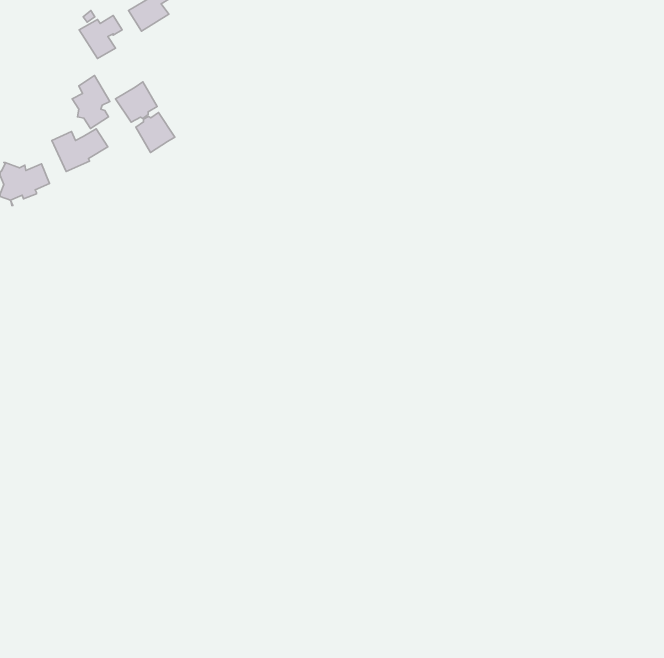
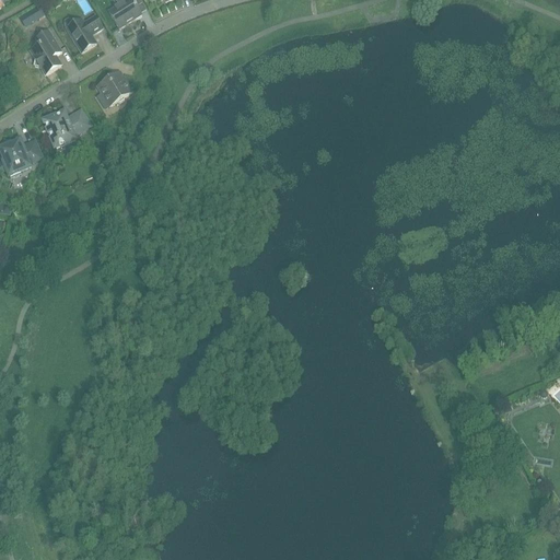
building: [72,75,110,129] -> [31,27,62,72]
building: [136,113,175,152] -> none

